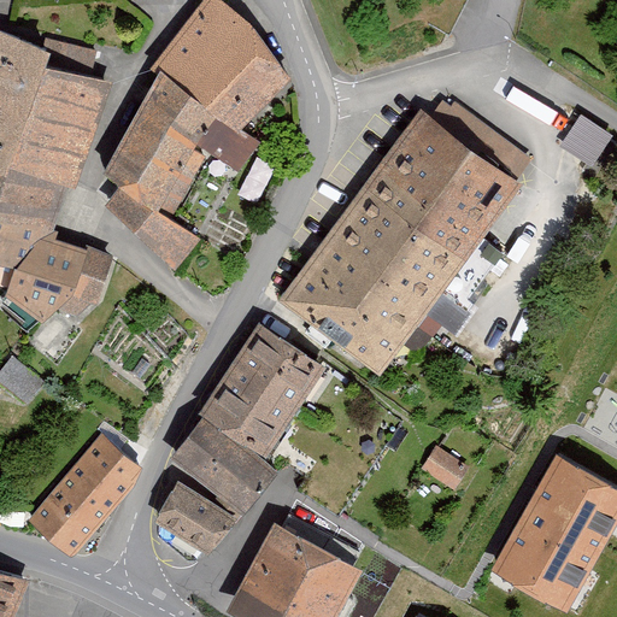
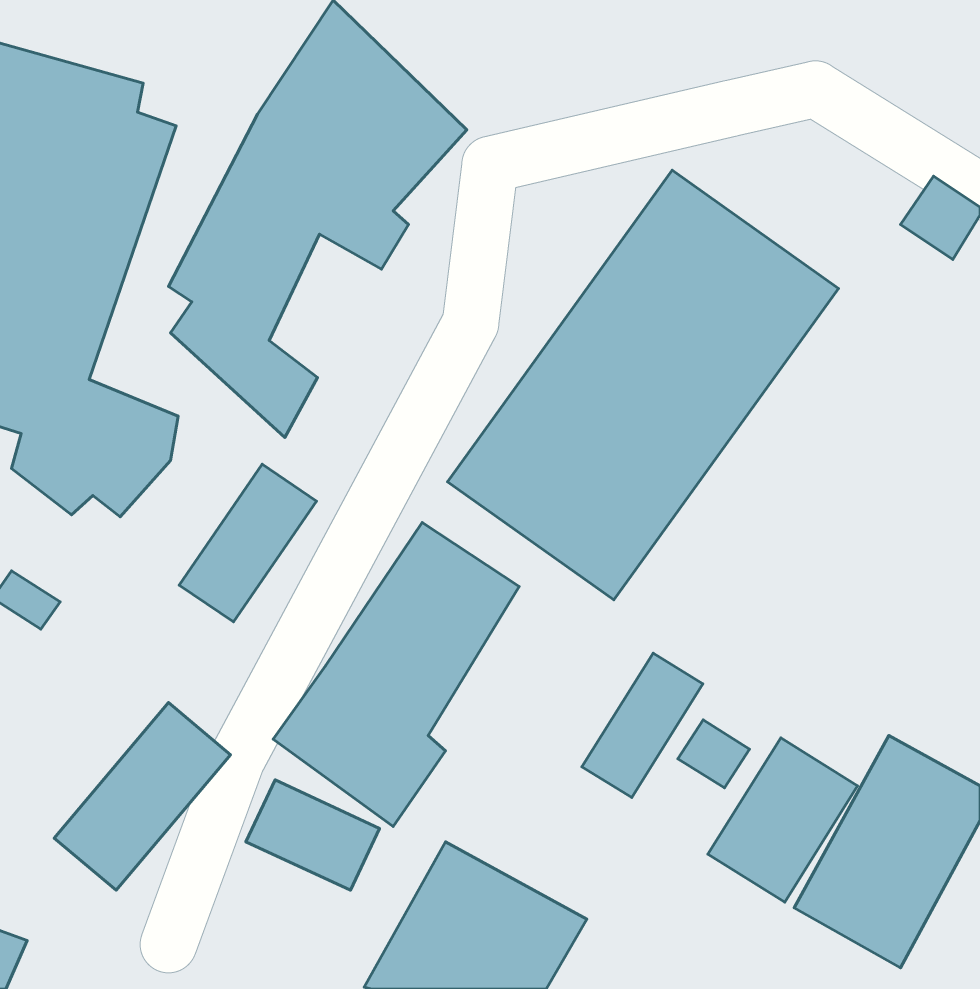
building: none -> [179,464,316,622]
building: none -> [582,653,703,798]
building: none -> [708,738,858,902]

